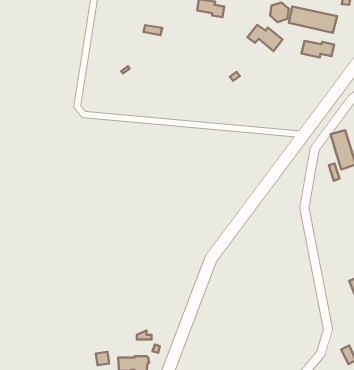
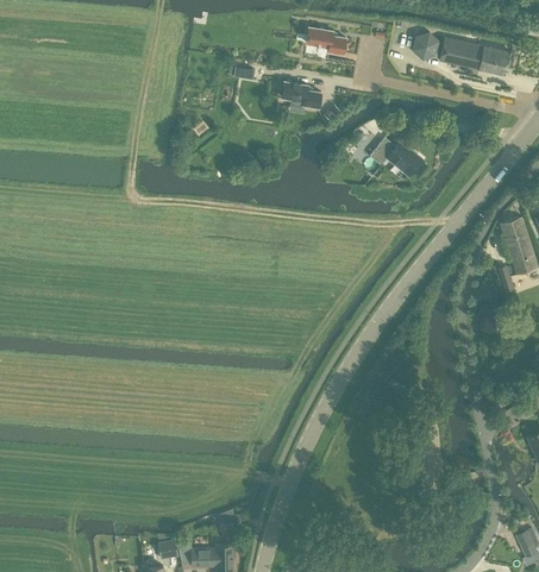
building: [247,25,283,51] -> [371,138,422,176]
building: none -> [282,81,321,108]
building: [301,41,334,58] -> none

